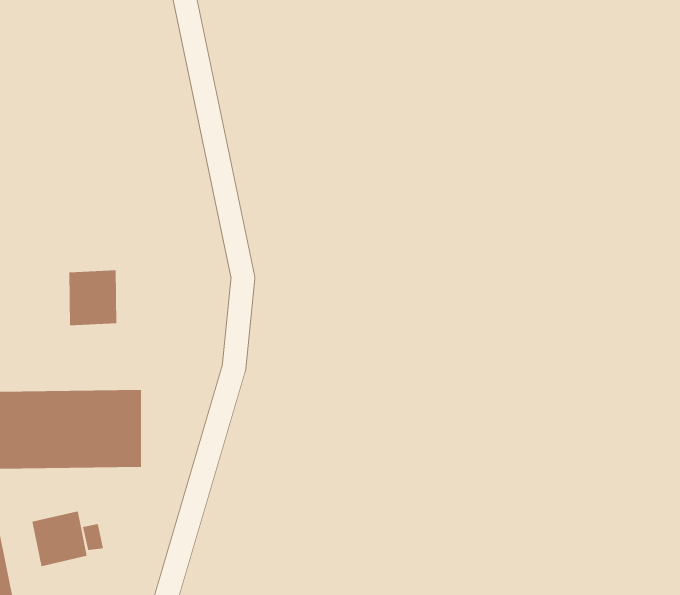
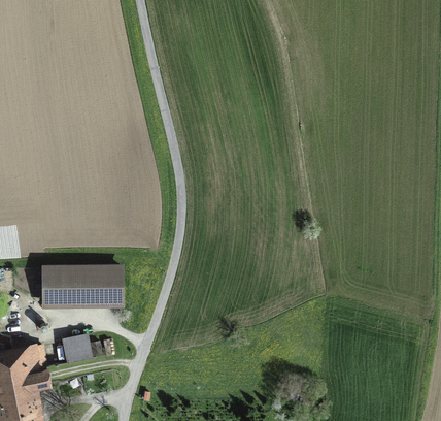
building: [69,270,117,326] -> none

